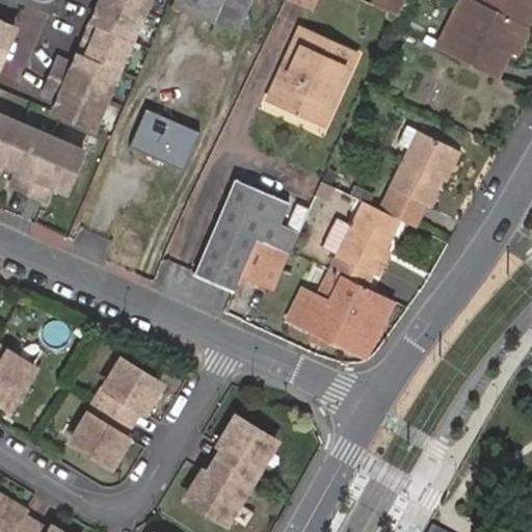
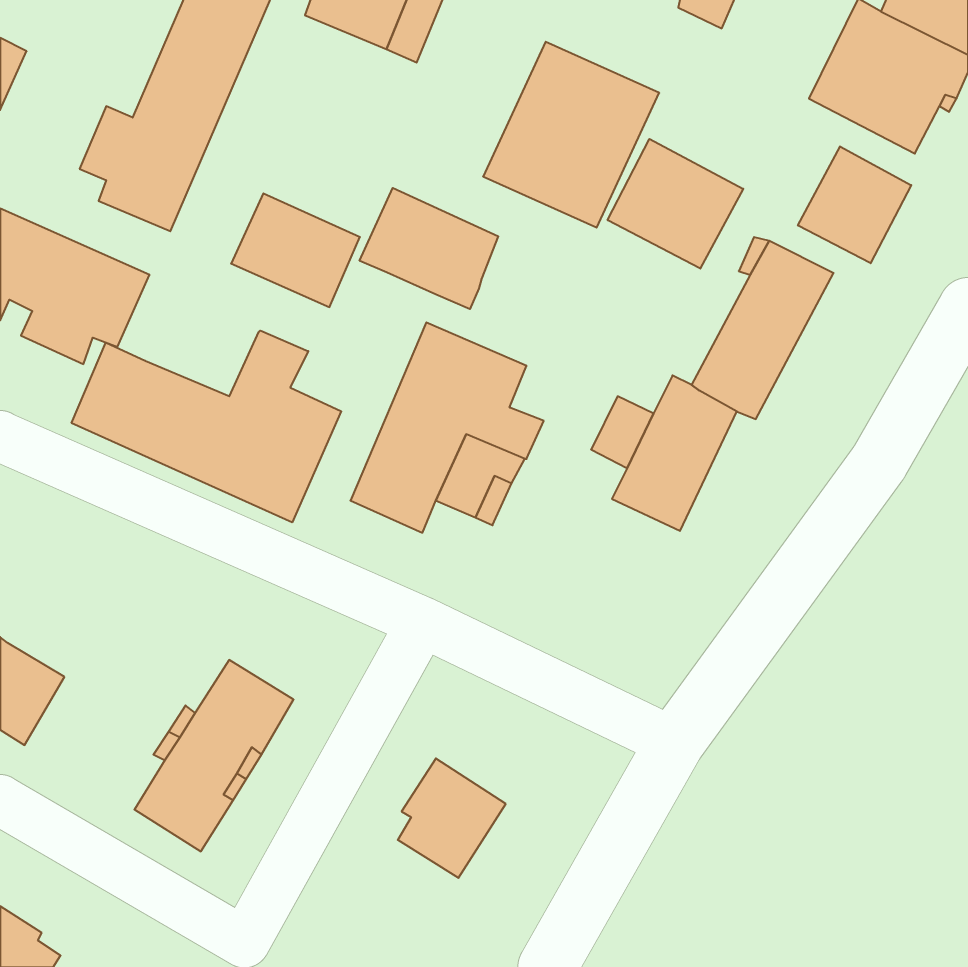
building: none -> [608,139,743,269]
building: none -> [798,146,911,263]
building: none -> [360,188,498,309]
building: none -> [72,331,341,522]
building: [293,273,392,352] -> none
building: [187,460,251,525] -> none

